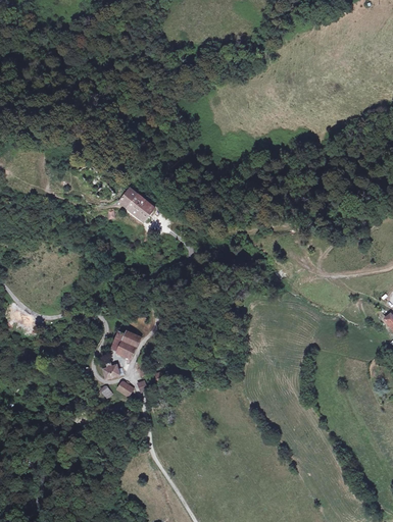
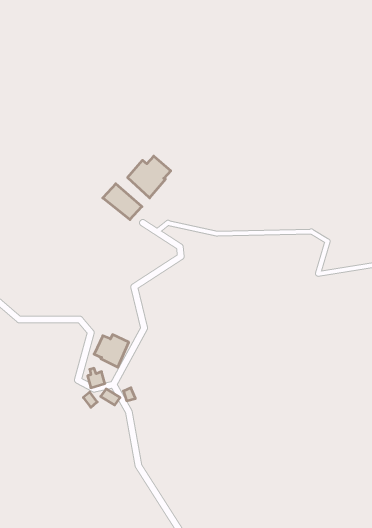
building: none -> [128,156,171,198]

